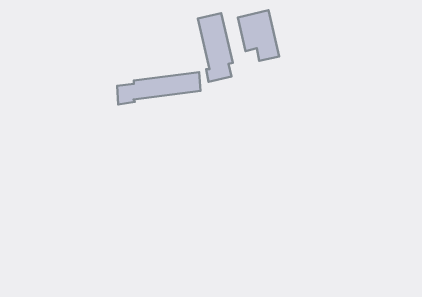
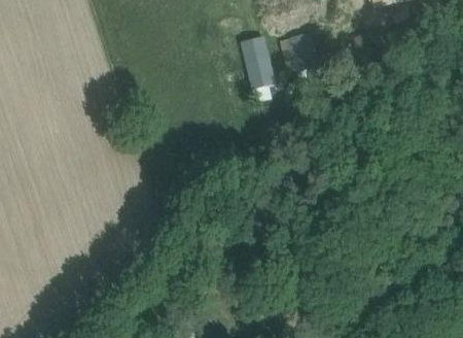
building: [117,72,200,104] -> none

